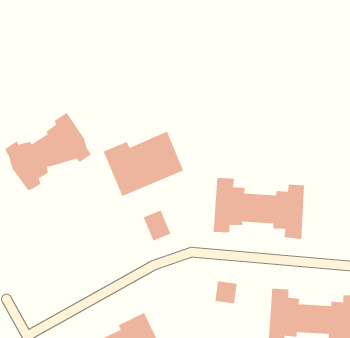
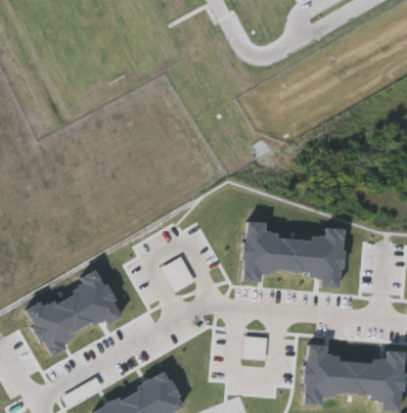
building: [4,112,92,190] -> [27,269,124,356]
building: [103,131,184,197] -> none

